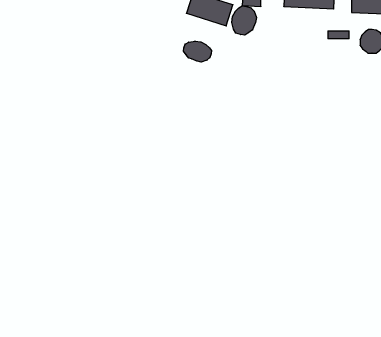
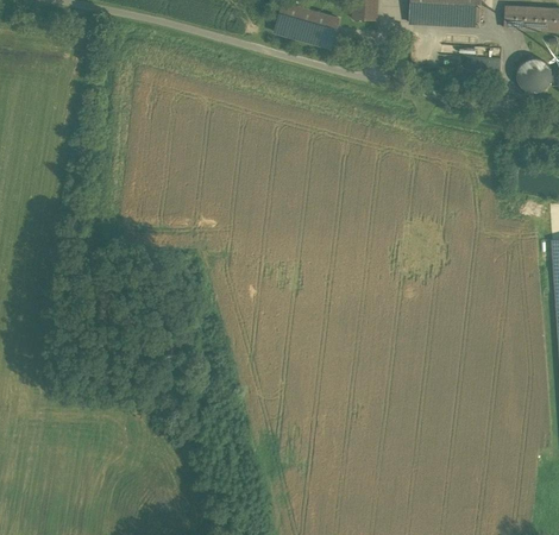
building: [232,6,257,35] -> none
building: [184,41,212,62] -> none

